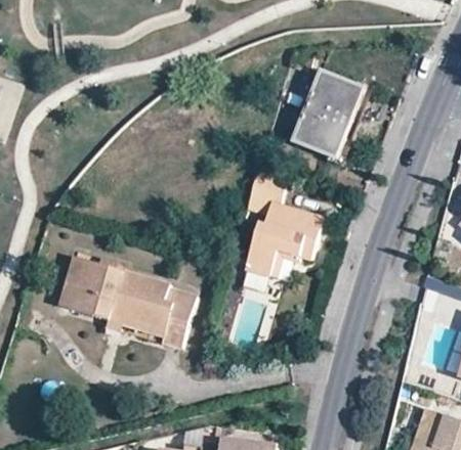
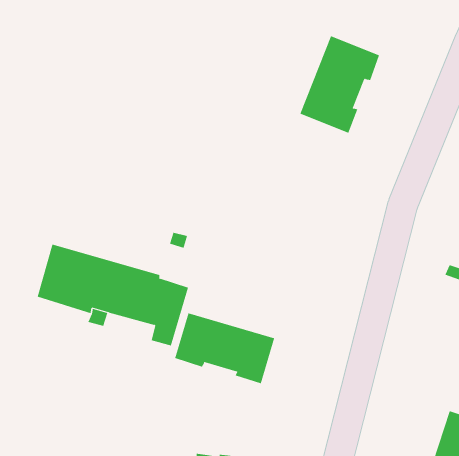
building: [243,175,321,276] -> none
building: none -> [175,312,275,384]

